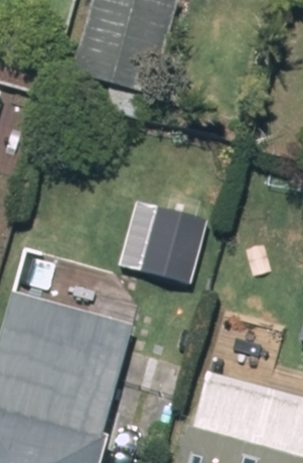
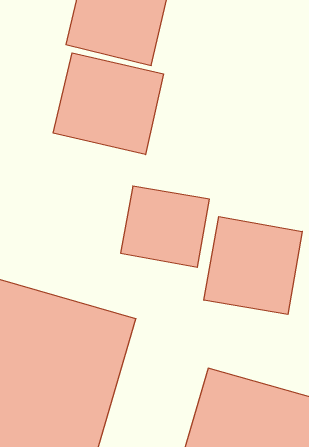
building: none -> [53,53,163,155]
building: none -> [204,217,302,314]

